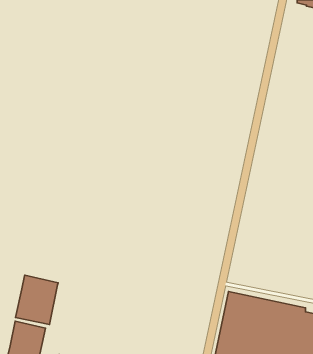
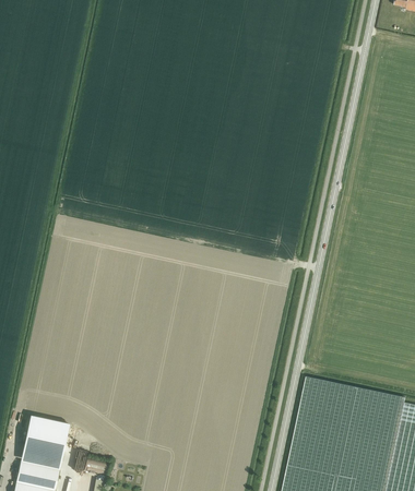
building: [16,275,58,325] -> none

